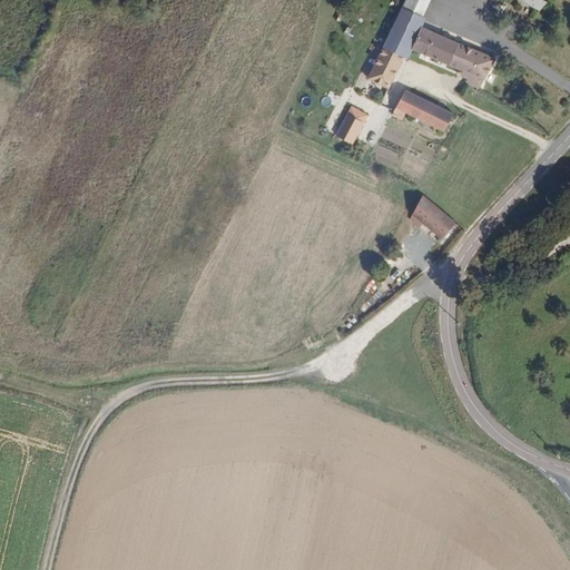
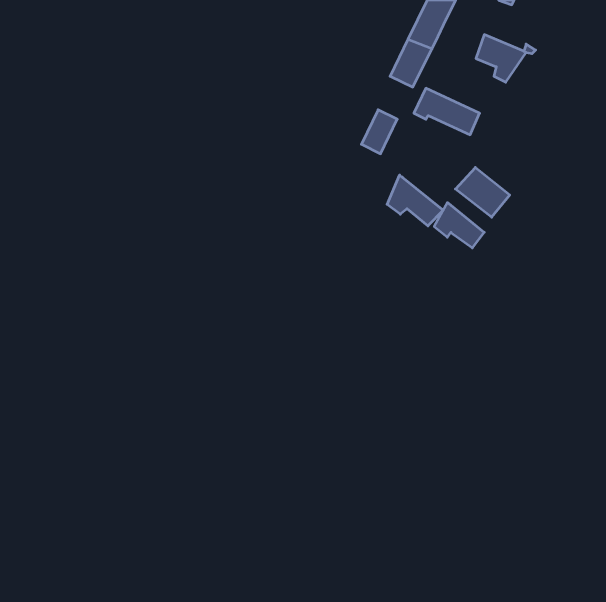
building: [410,24,455,61] -> none
building: none -> [455,167,510,217]
building: none -> [387,175,443,226]

